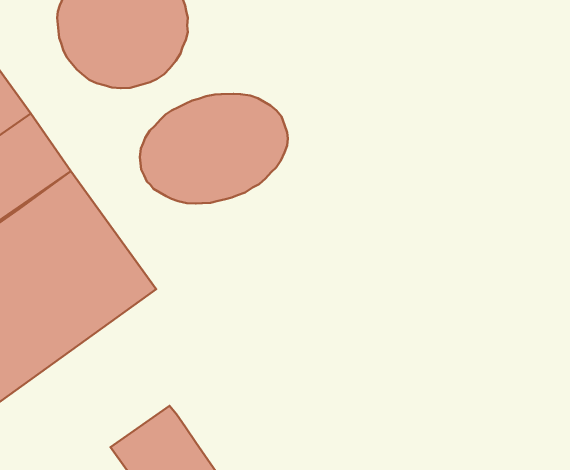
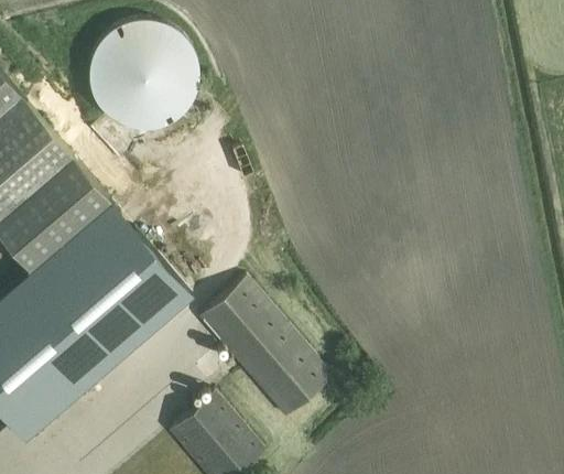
building: [140,94,288,203] -> none
building: none -> [197,277,333,419]

